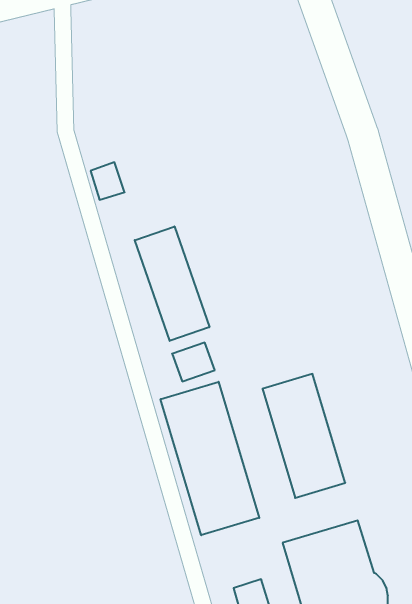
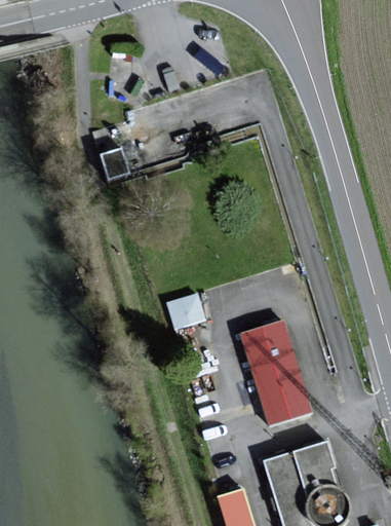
building: [135,226,209,341] -> none
building: [161,382,259,535] -> none

